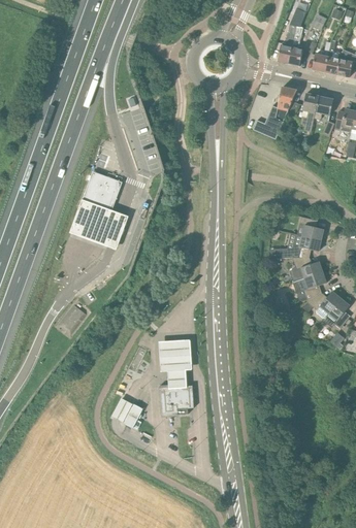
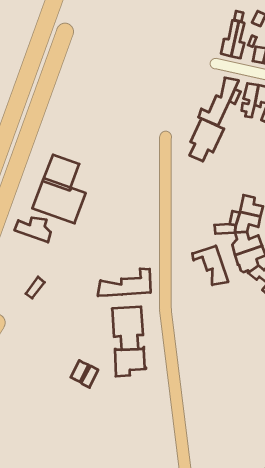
building: none -> [190,118,224,161]
building: none -> [15,218,51,242]
building: none -> [192,246,228,285]
building: none -> [98,269,150,296]

